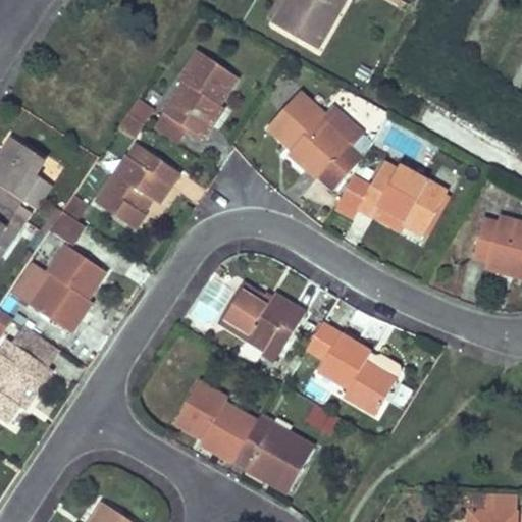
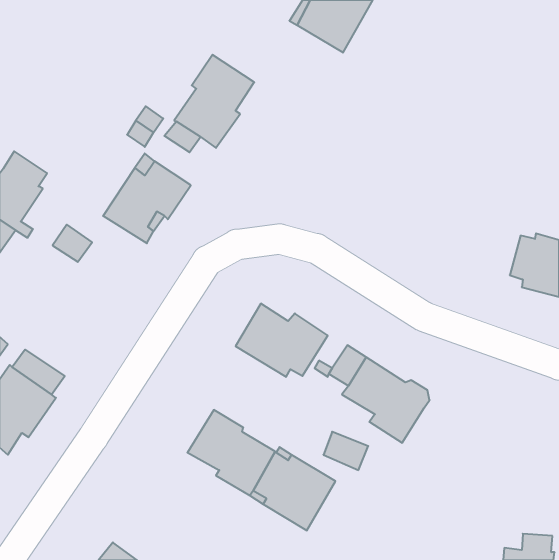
building: [268,90,363,190] -> none
building: [331,163,446,234] -> none
building: [13,247,104,331] -> none

